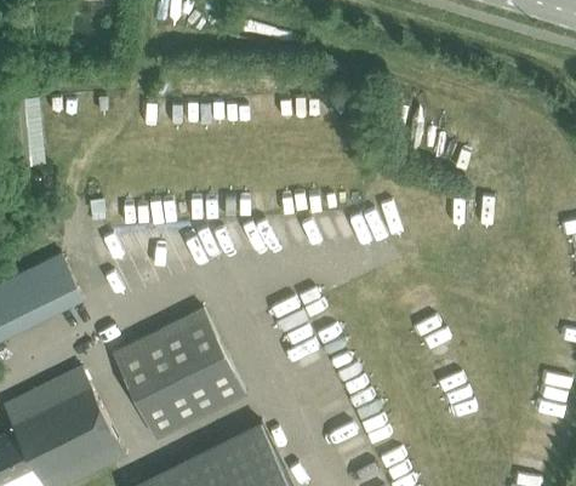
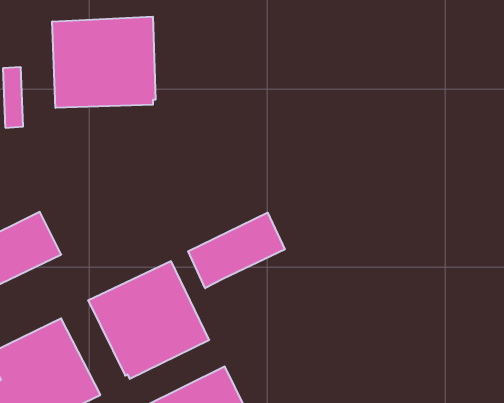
building: none -> [52,17,156,108]
building: none -> [188,213,285,288]

